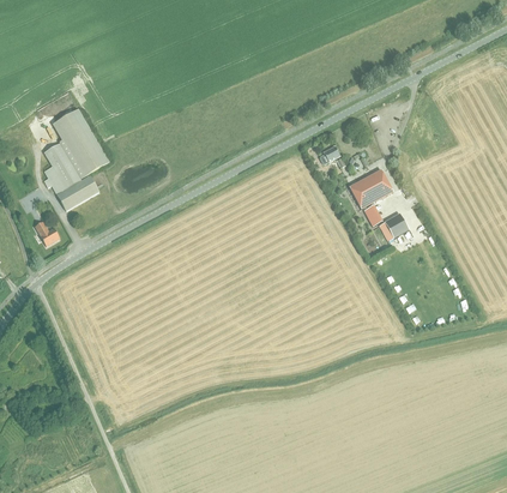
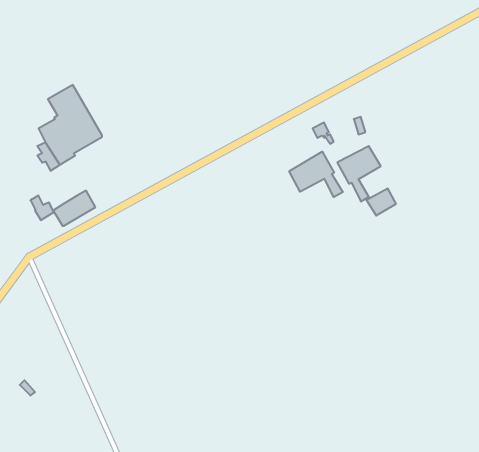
building: [56,175,99,211] -> [53,191,95,226]
building: none -> [289,152,343,197]

